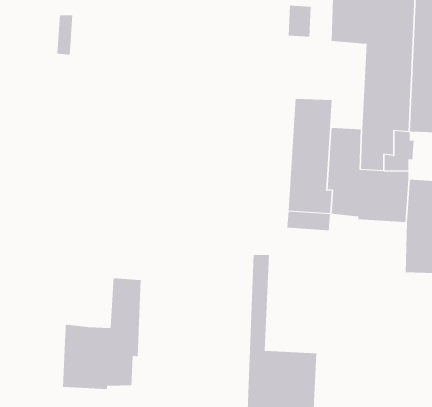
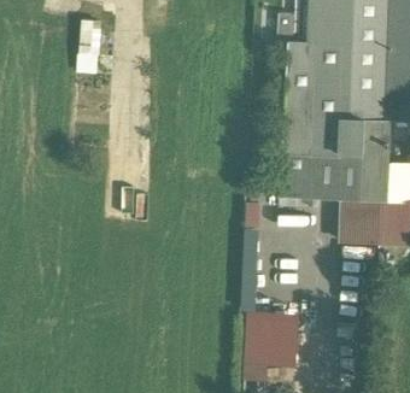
building: none -> [283,41,345,119]
building: none -> [336,198,380,244]
building: [63,278,141,390] -> none

